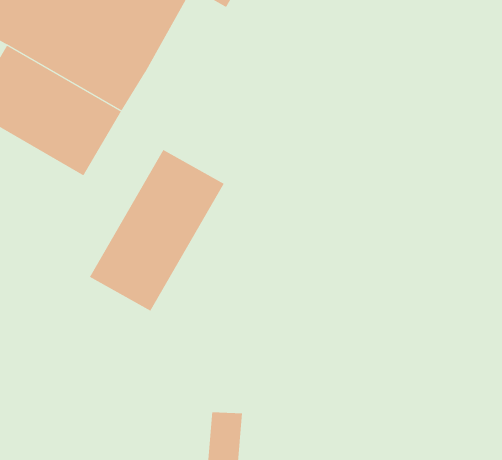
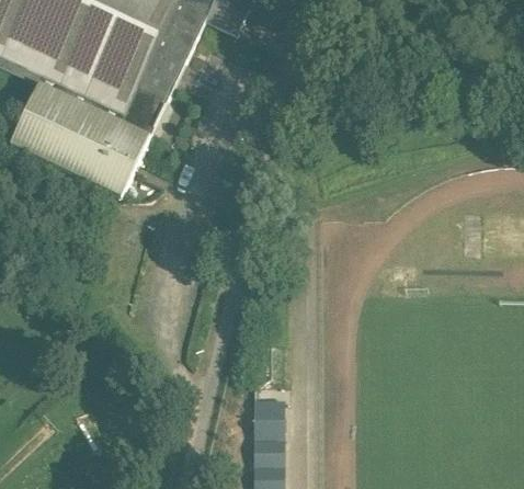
building: [89,149,224,312] -> none

